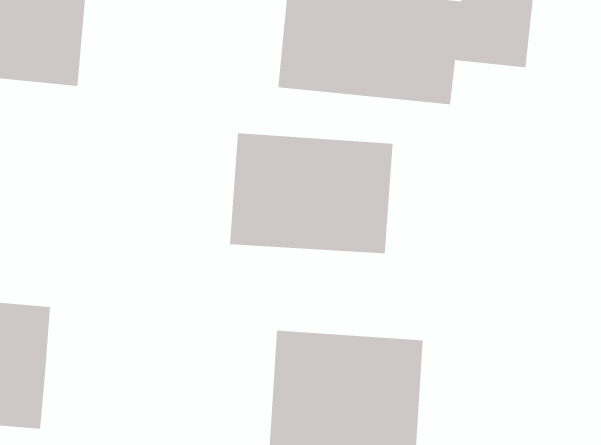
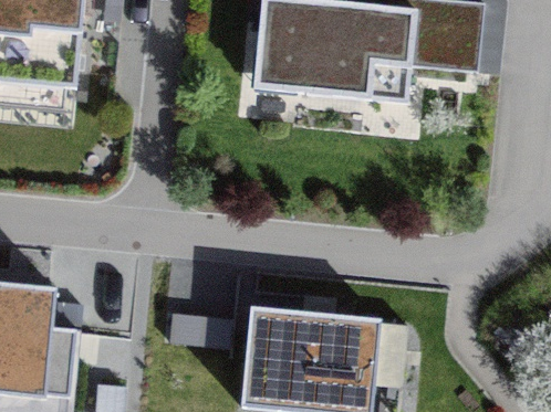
building: [229,133,393,254] -> none

